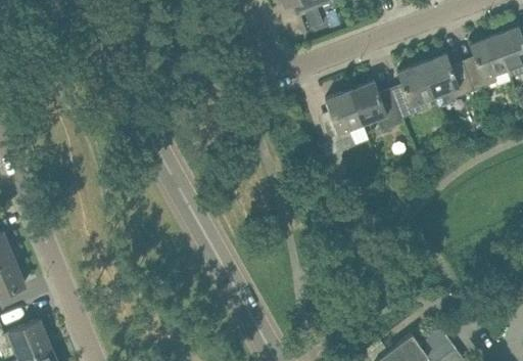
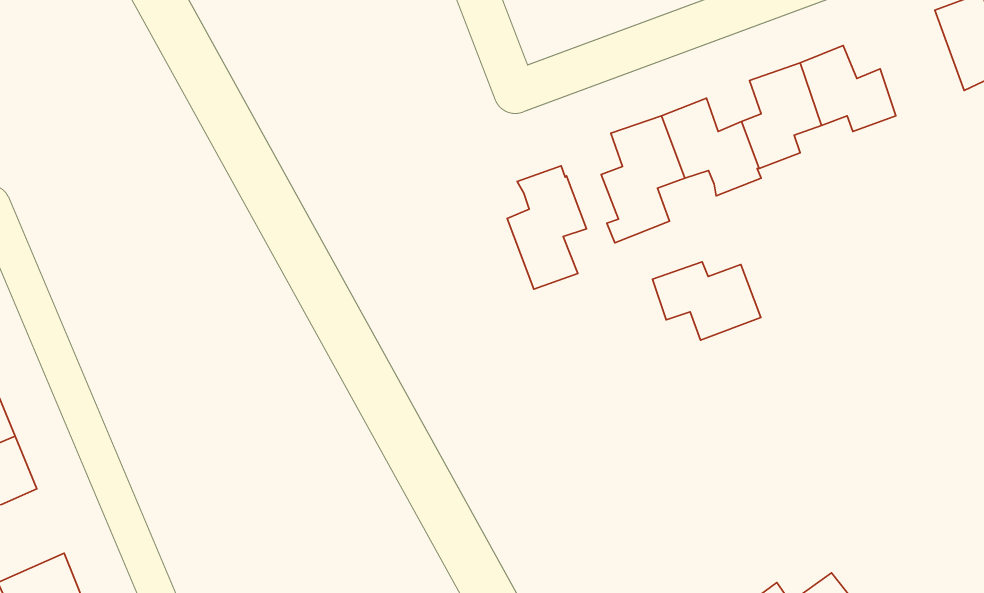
building: [466,35,512,95] -> none
building: none -> [507,166,587,289]
building: none -> [653,262,761,340]

